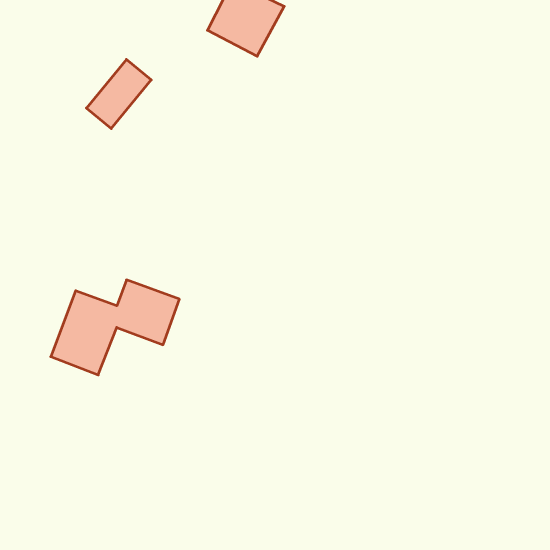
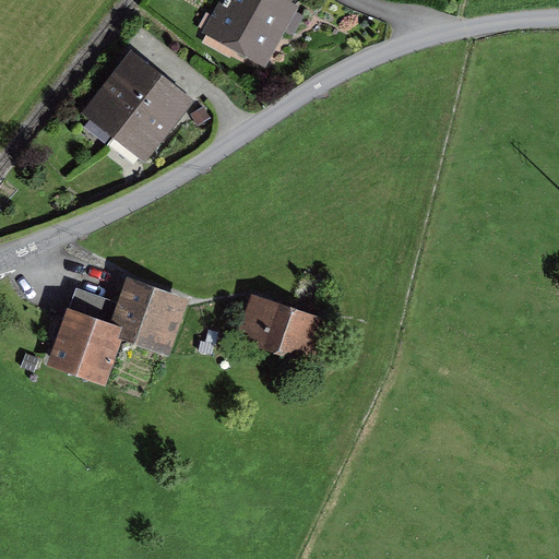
building: none -> [112,81,179,152]
building: none -> [240,299,325,358]

